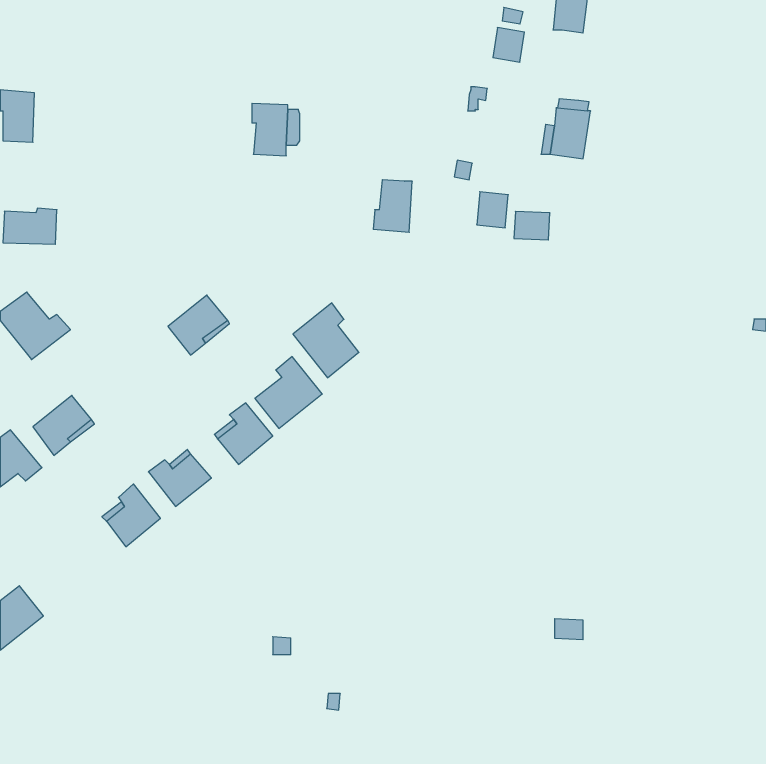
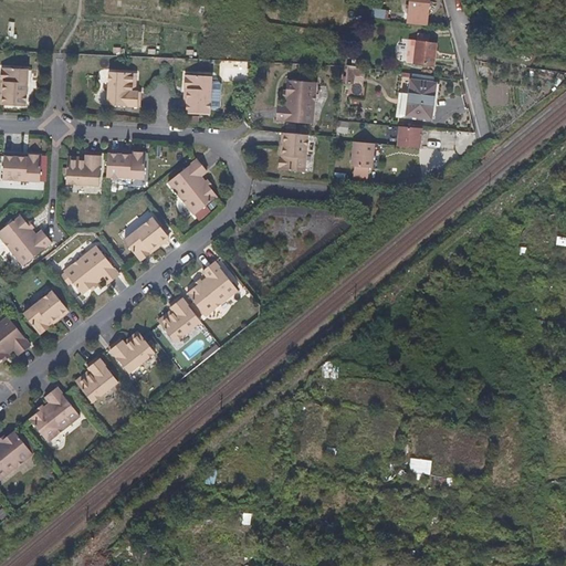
building: [493,28,524,62] -> [415,38,438,63]
building: none -> [107,72,140,106]
building: none -> [273,80,313,124]
building: none -> [66,153,101,186]
building: none -> [106,153,145,179]
building: [514,211,550,240] -> [394,125,420,146]
building: [293,303,359,378] -> [168,160,217,216]
building: none -> [64,247,119,295]
building: none -> [30,388,81,442]

